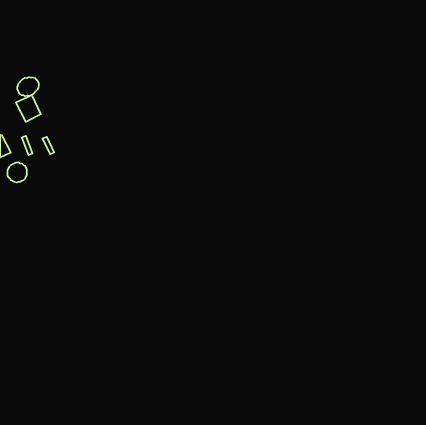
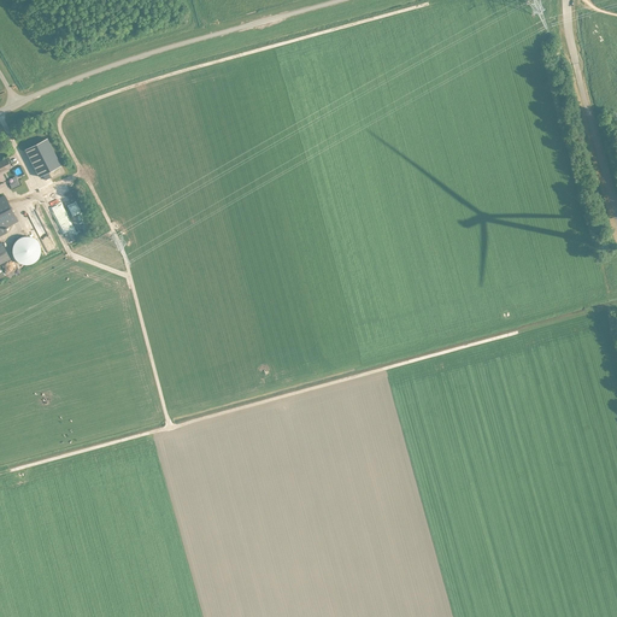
building: [17,77,39,96] -> none

